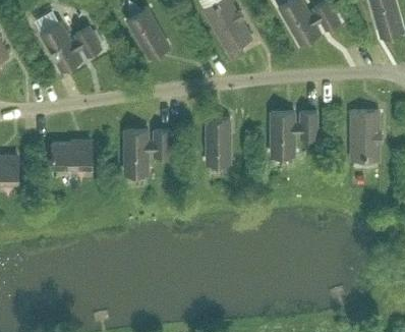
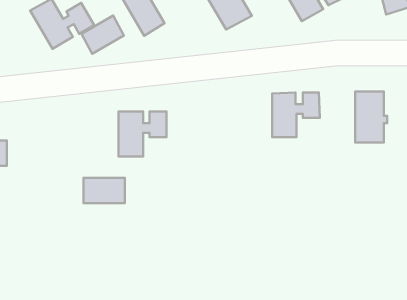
building: none -> [82,16,124,54]
building: [207,120,230,164] -> none
building: [52,144,92,168] -> [83,178,125,203]

